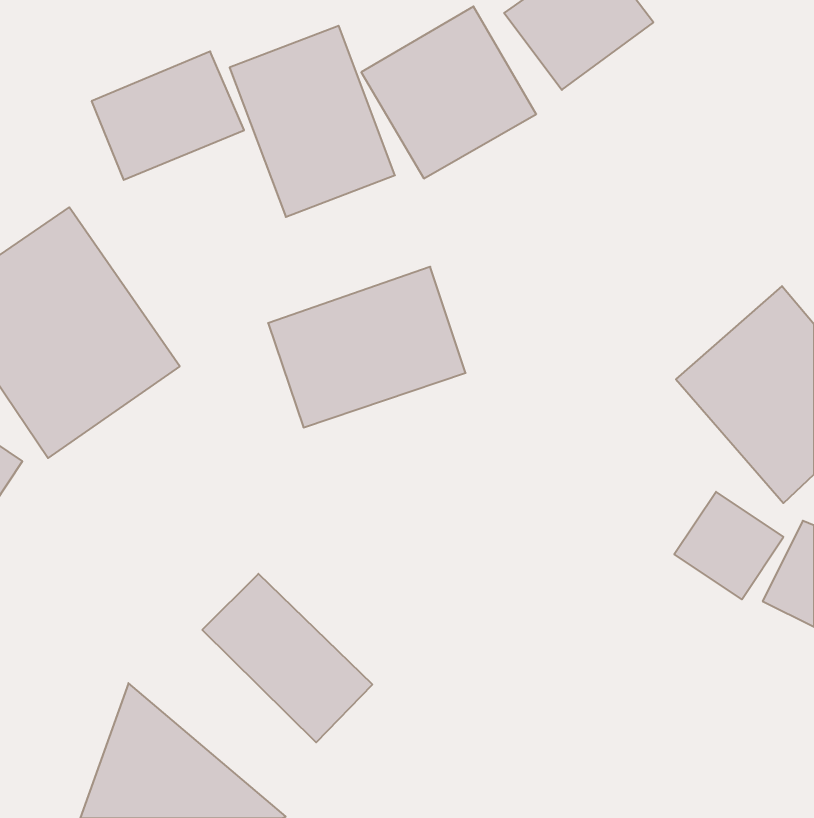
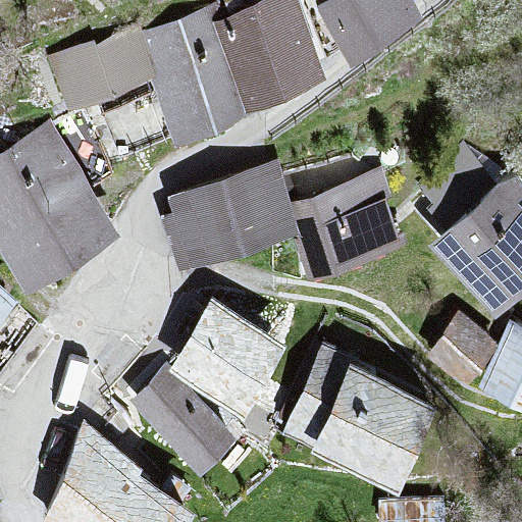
building: none -> [286,176,398,268]
building: none -> [172,298,293,412]
building: none -> [285,347,452,488]

